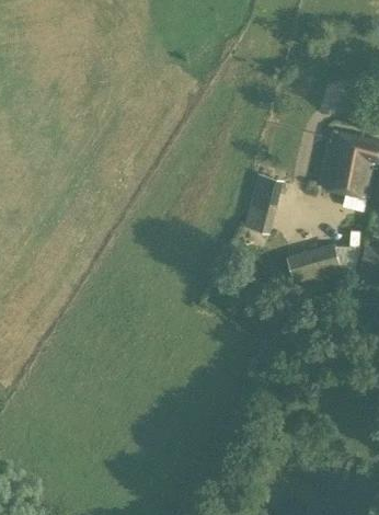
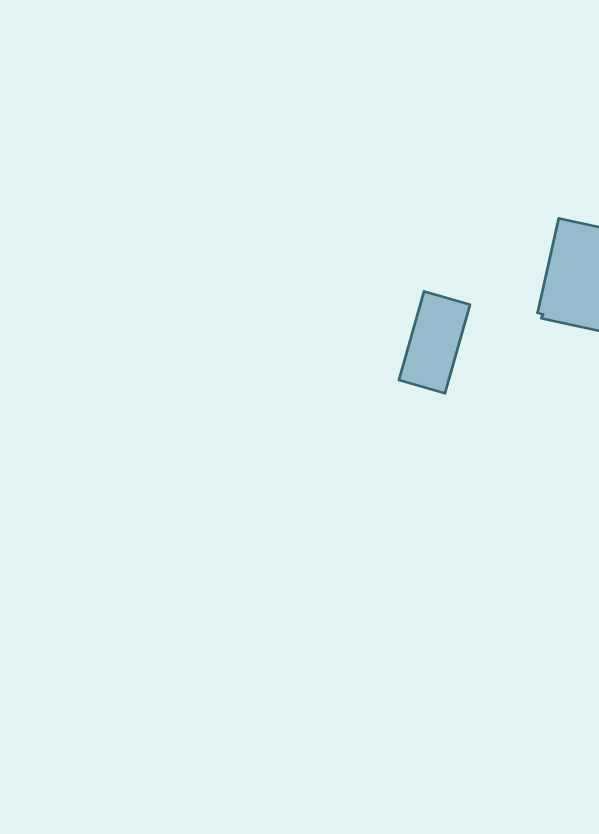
building: [287,243,343,283] -> none

